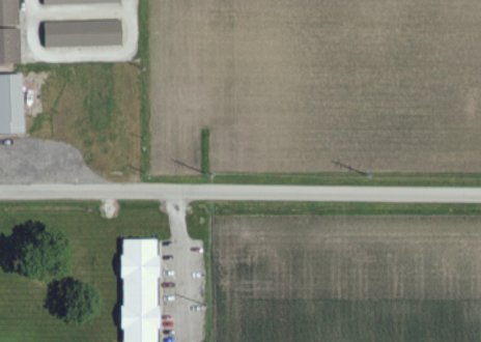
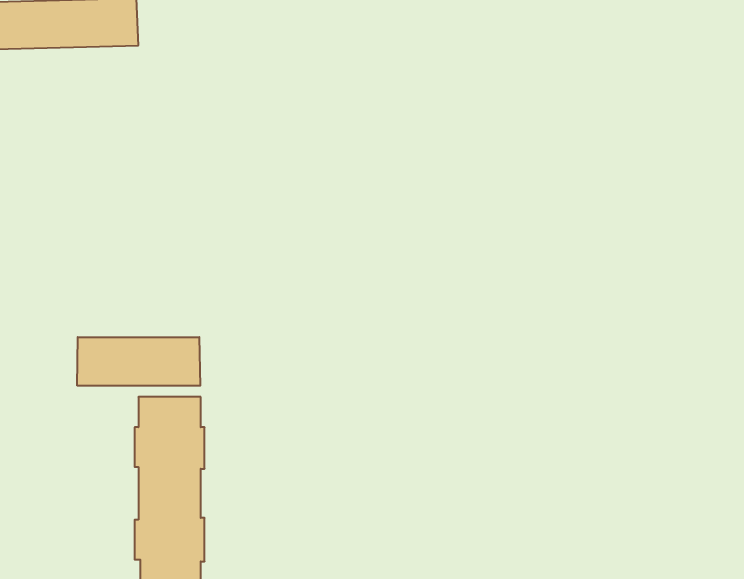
building: none -> [77,337,200,386]

